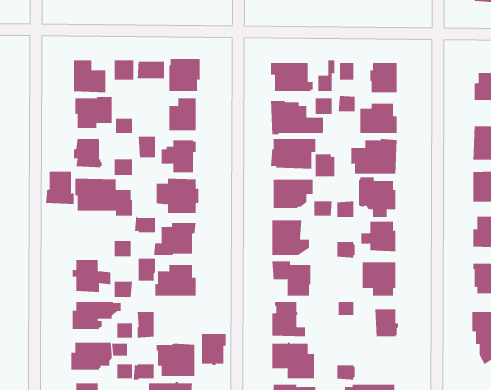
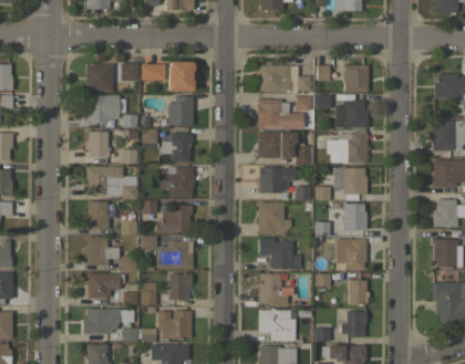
building: [45,171,74,204] -> [84,201,110,230]
building: [201,334,227,365] -> [169,273,192,301]
building: none -> [341,311,366,337]

